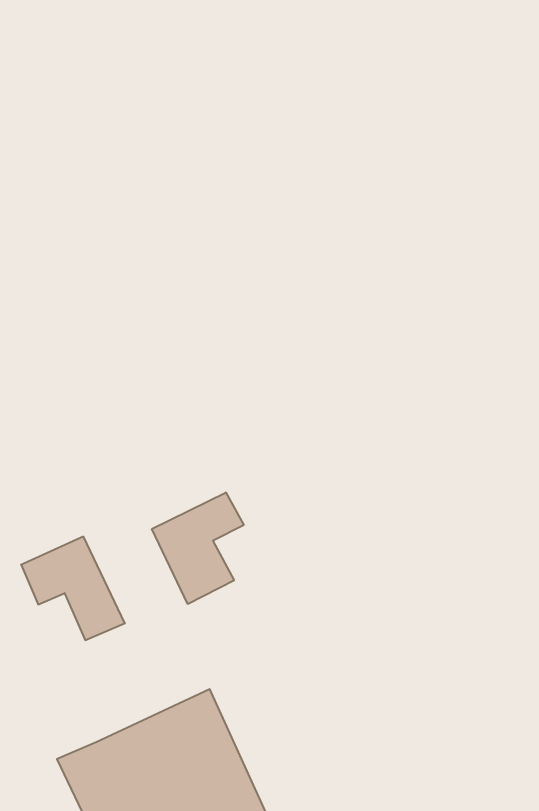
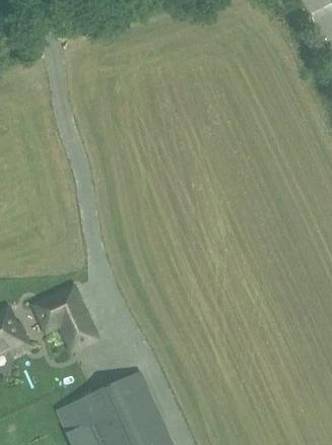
building: [152,492,244,604] -> none

